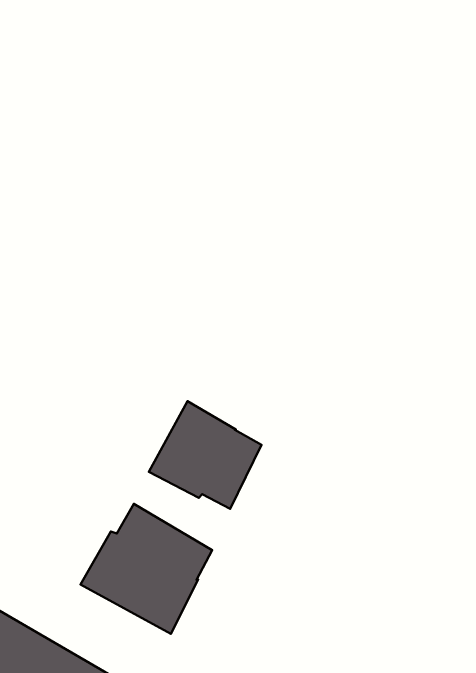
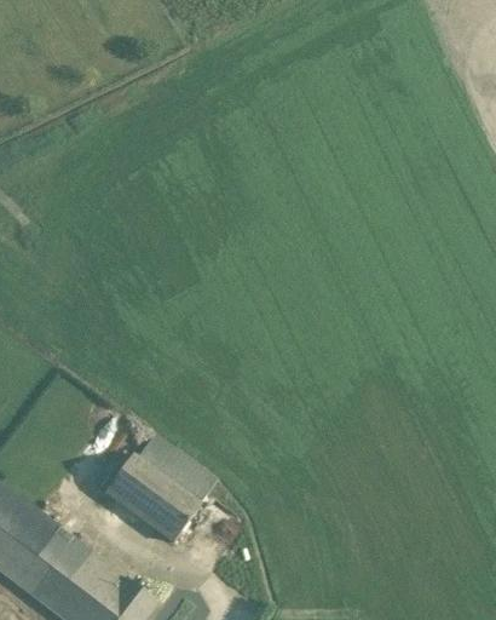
building: [149,401,262,509] -> none

